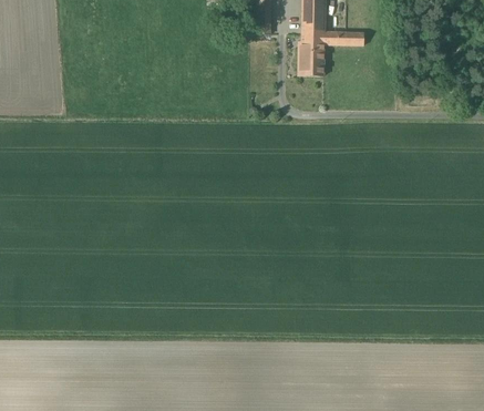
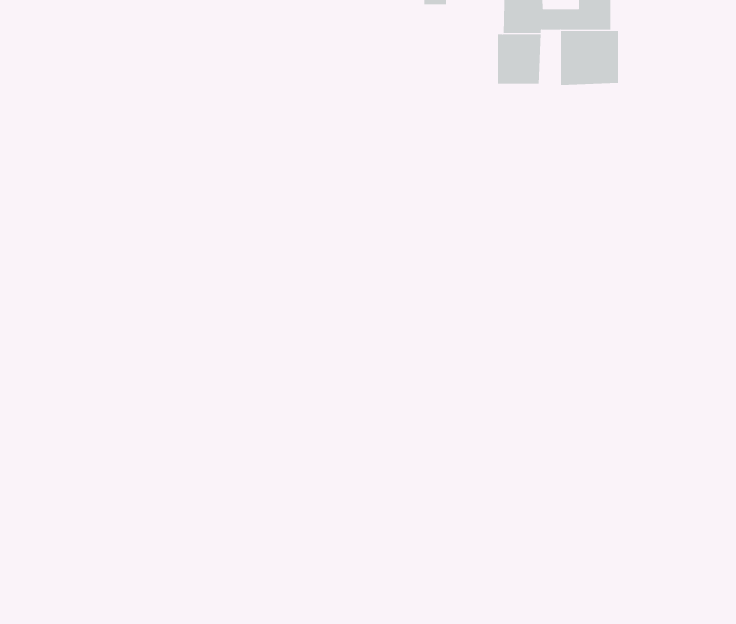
building: none -> [560,30,619,86]

